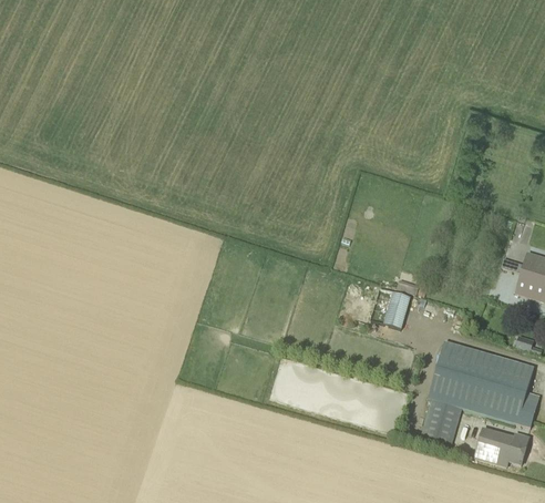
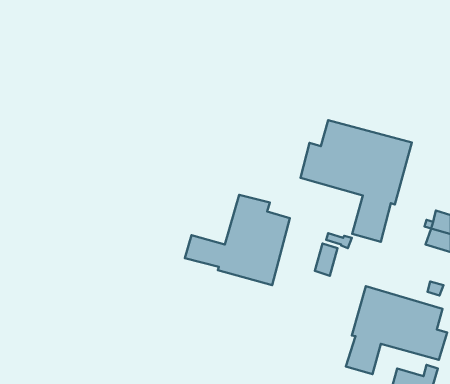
building: none -> [300,120,412,242]
building: none -> [185,195,290,285]

